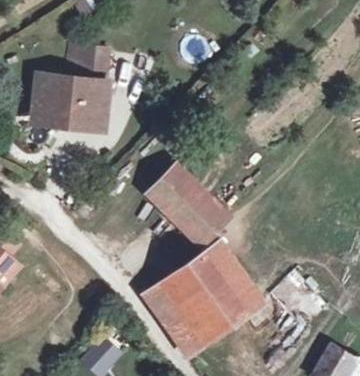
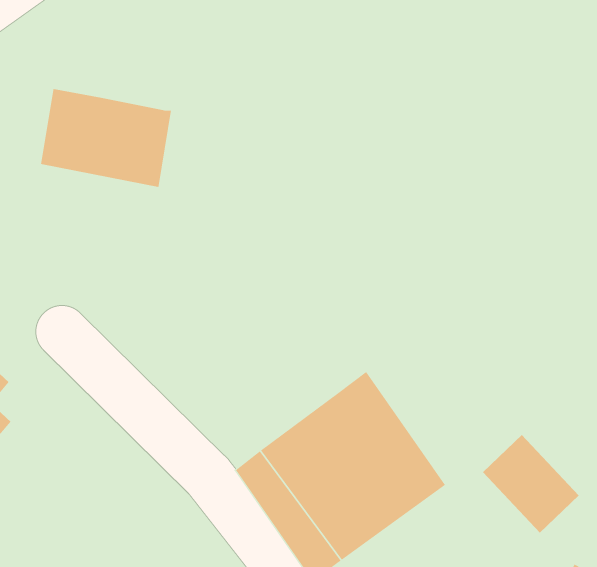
building: [67,56,108,93] -> none
building: [144,161,216,235] -> none

